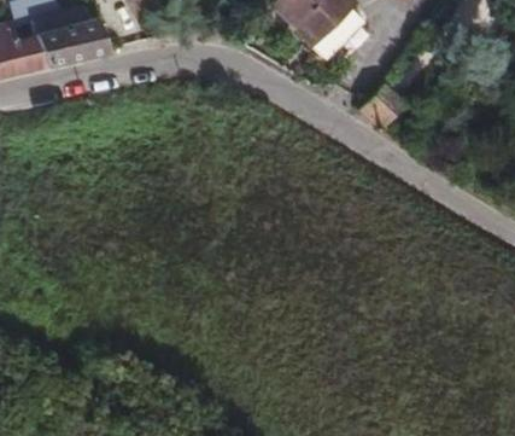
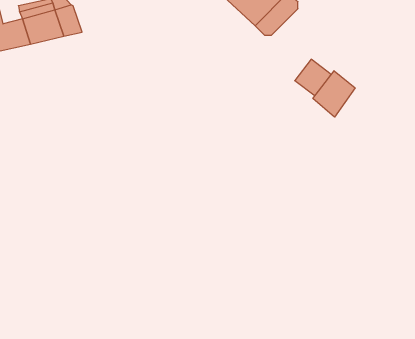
building: none -> [313,71,355,117]

